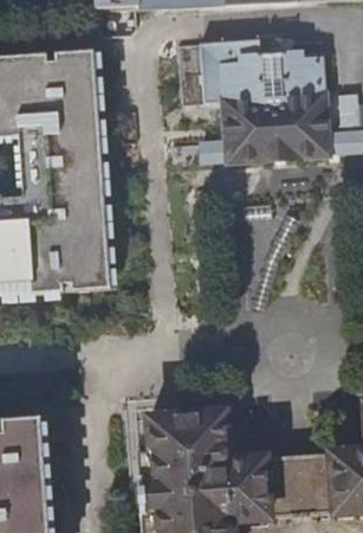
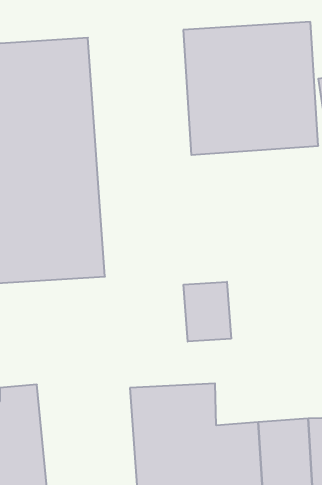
building: none -> [184,282,231,342]

